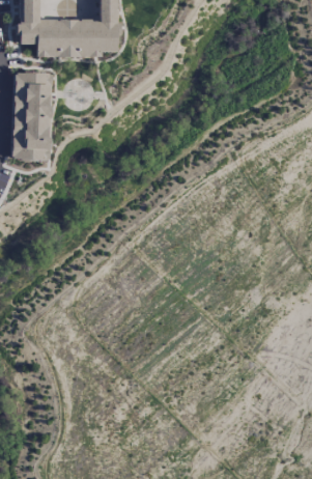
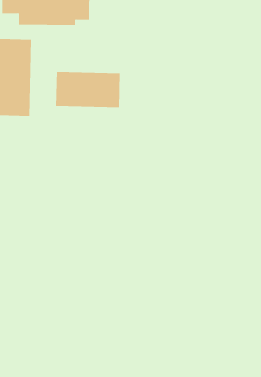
building: none -> [56,71,120,108]

